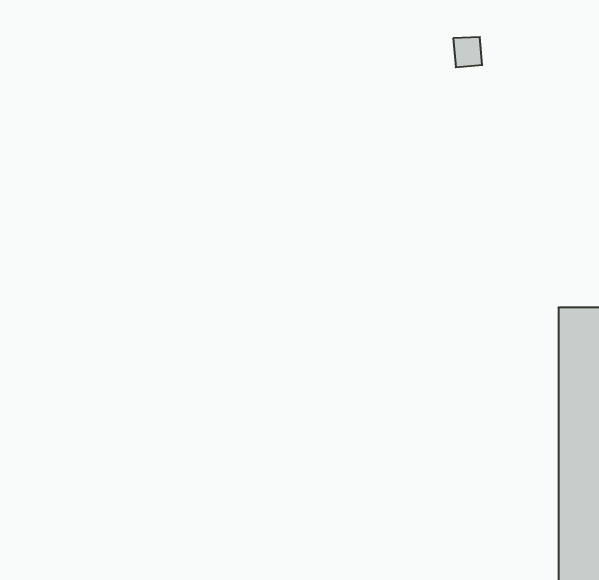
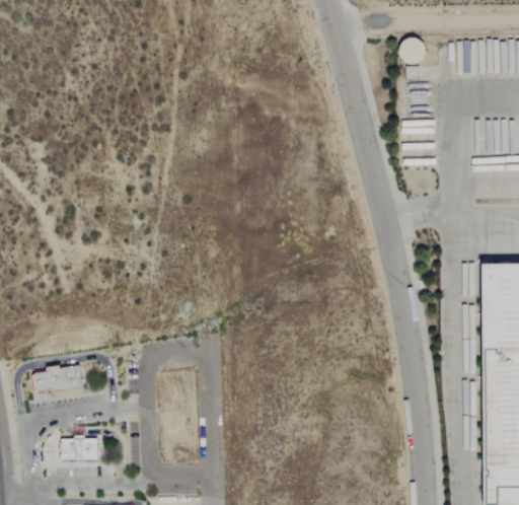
building: none -> [34,365,85,393]
building: none -> [64,436,98,461]

